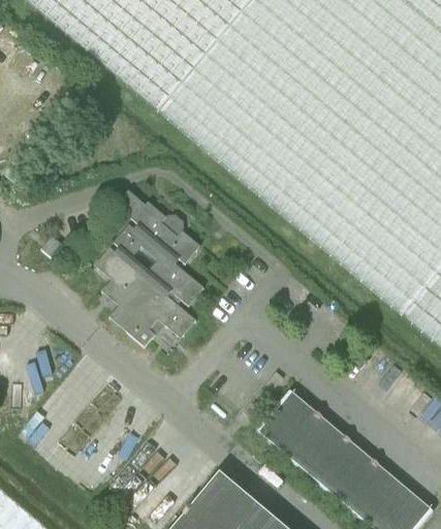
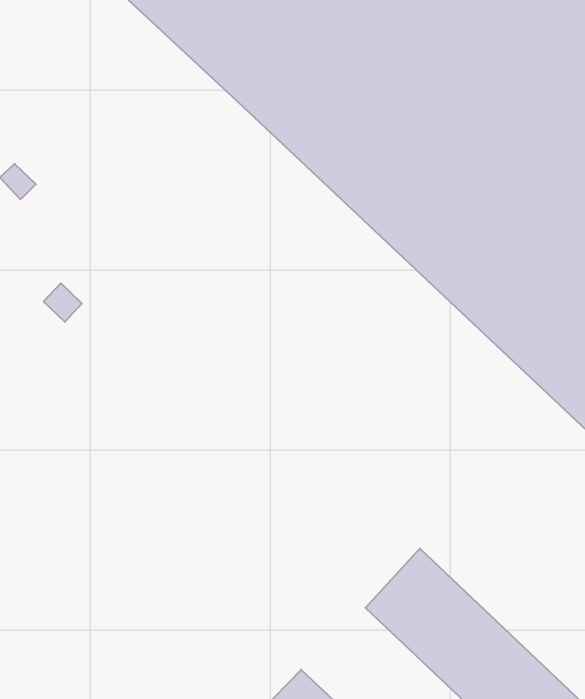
building: [96,189,203,346] -> none

